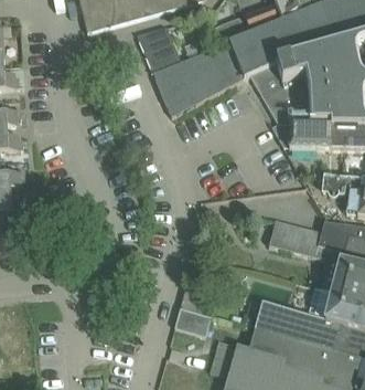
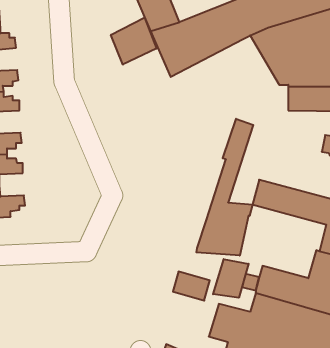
building: none -> [111,17,157,65]
building: none -> [196,119,253,256]
building: none -> [213,259,249,298]

